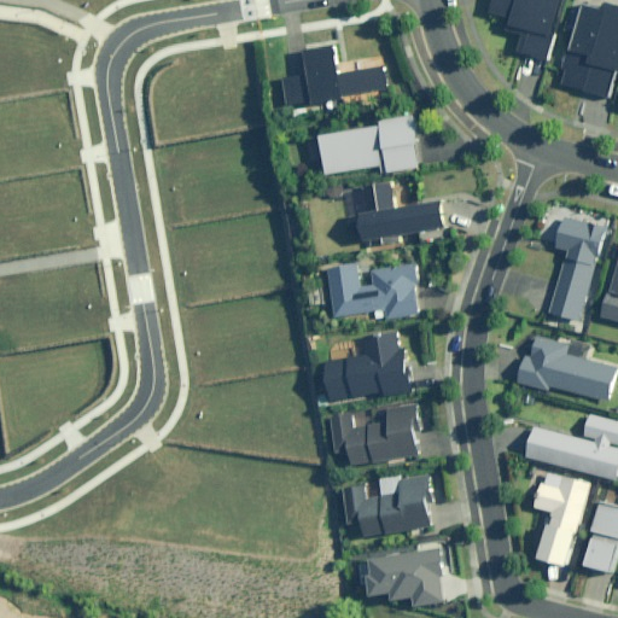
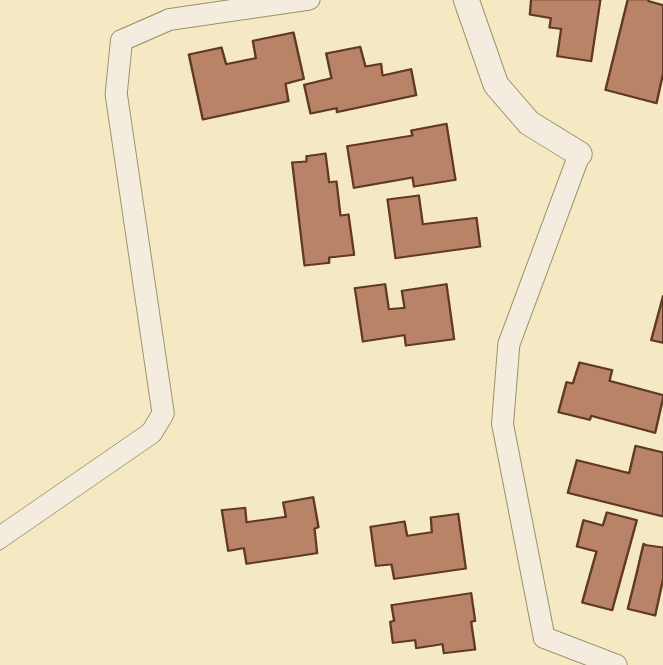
building: none -> [189,33,304,119]
building: none -> [292,154,354,265]
building: [549,212,606,320] -> none
building: [326,332,410,400] -> none
building: [330,403,419,465] -> [222,497,318,564]

